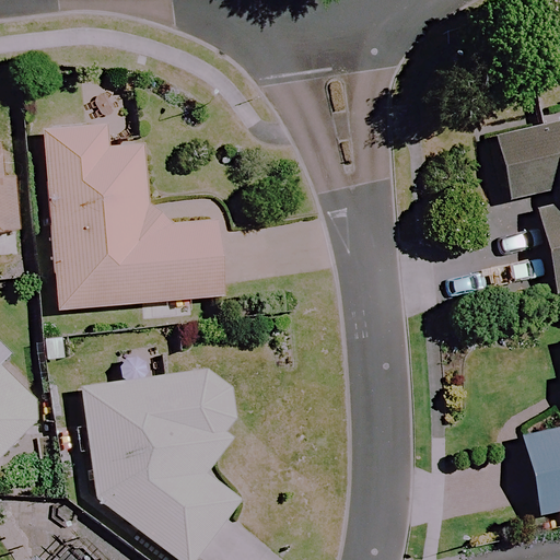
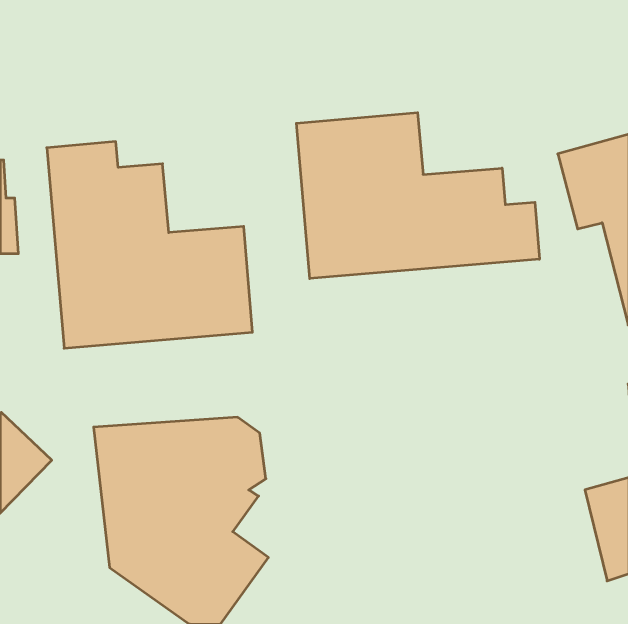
building: none -> [296,113,539,279]

